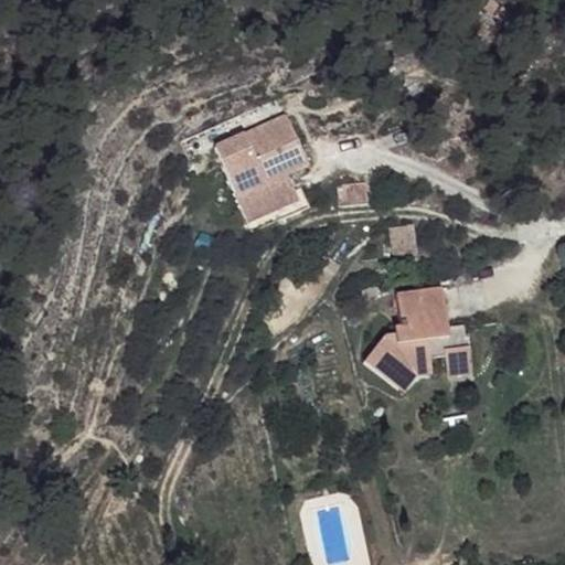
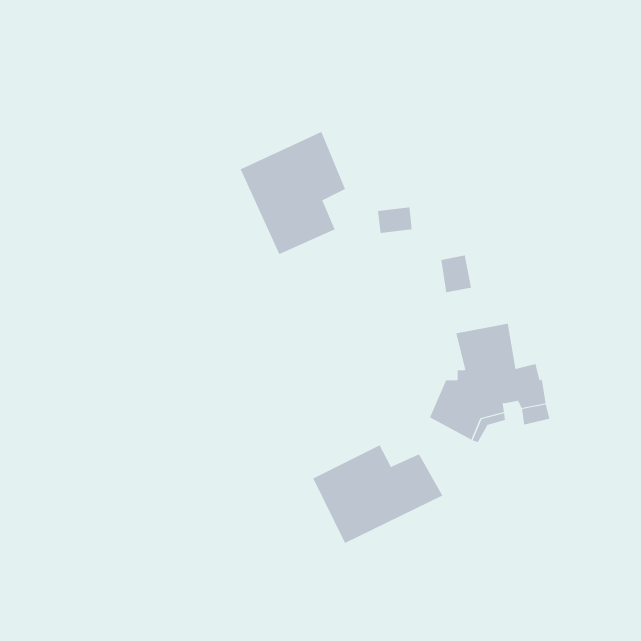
building: none -> [312,445,443,544]

